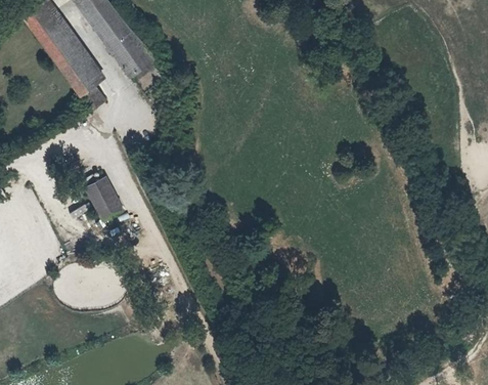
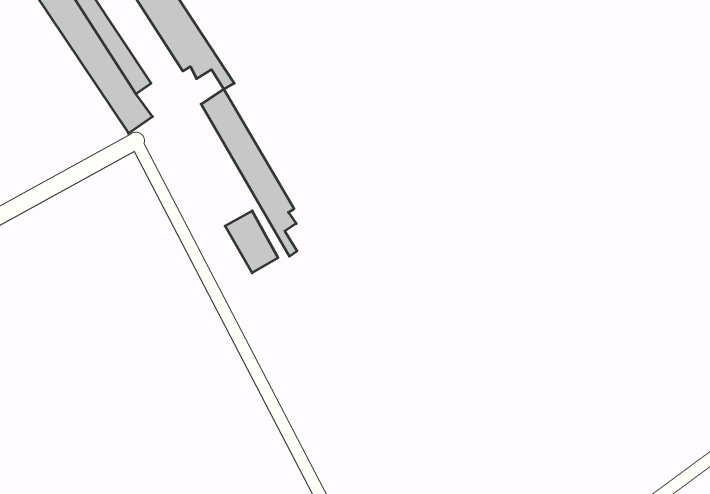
building: none -> [201,89,297,256]
building: [88,179,124,221] -> [225,211,278,273]

